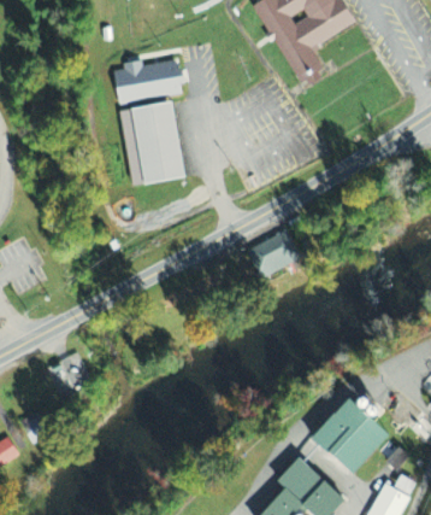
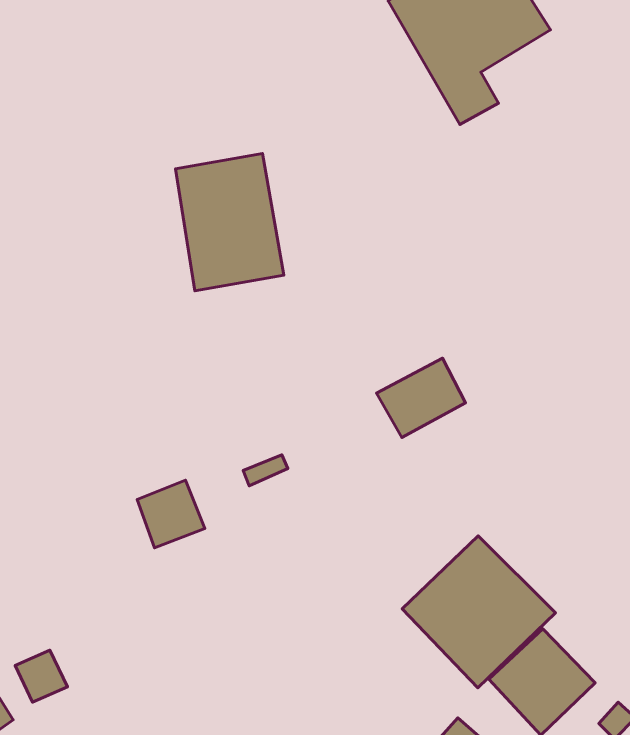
building: [114,60,184,106] -> none
building: none -> [402,536,556,688]
building: [47,356,89,398] -> [137,480,205,548]

